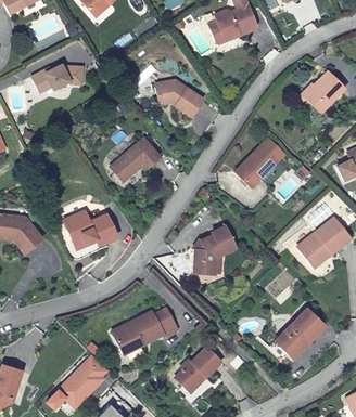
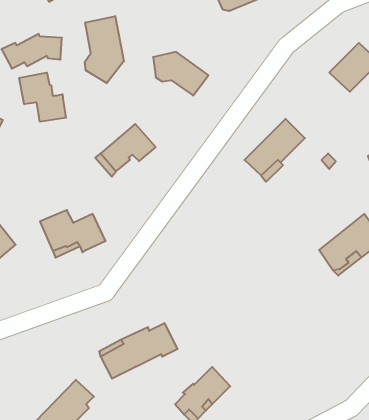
building: none -> [85,16,124,83]
building: none -> [19,73,66,122]
building: [192,222,238,272] -> none
building: [278,308,326,356] -> none

